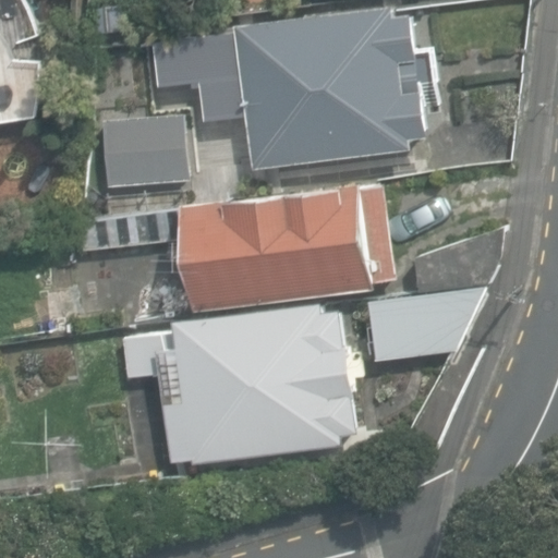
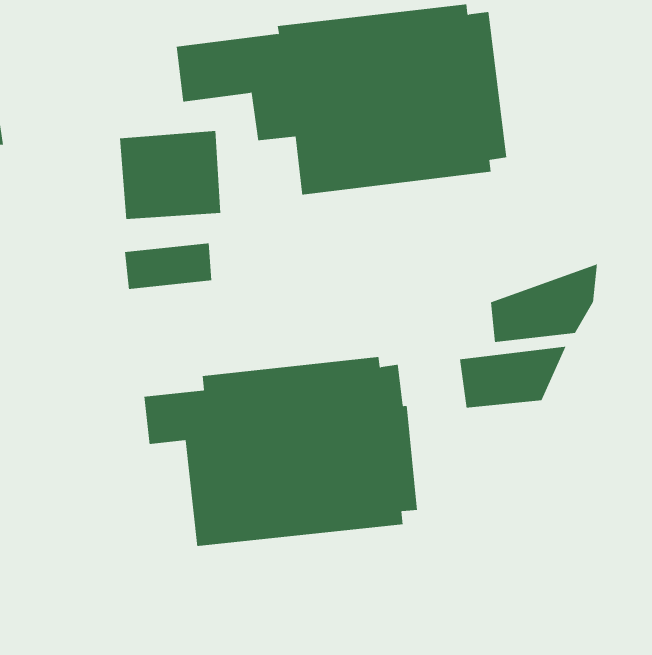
building: [182,186,396,311] -> none

